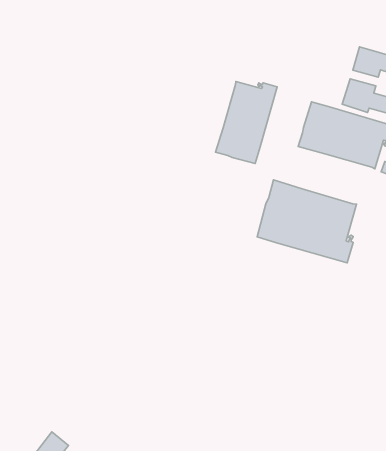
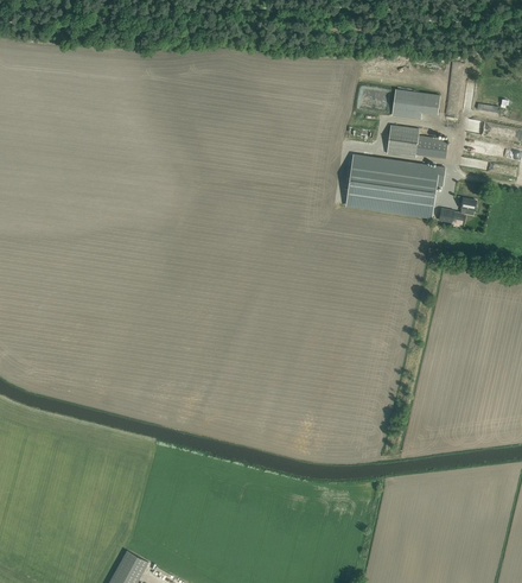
building: [215,81,277,163] -> none
building: [257,180,357,263] -> none

